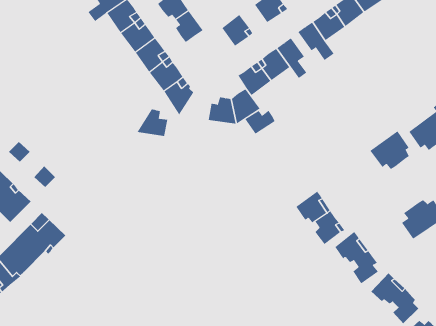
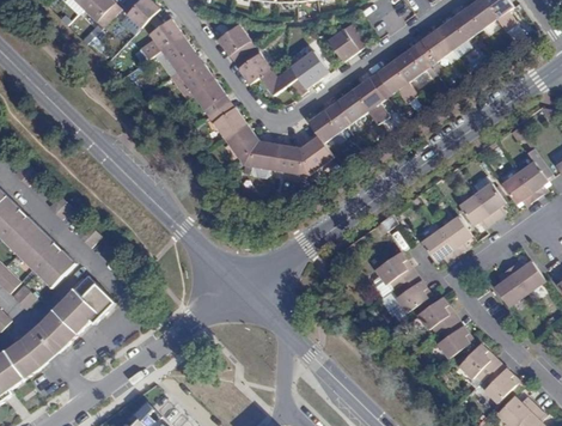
building: none -> [258,67,306,97]
building: [136,109,168,136] -> [242,140,277,171]
building: [245,110,276,134] -> none
building: none -> [420,217,469,263]

